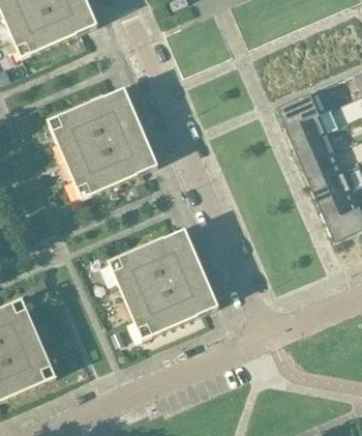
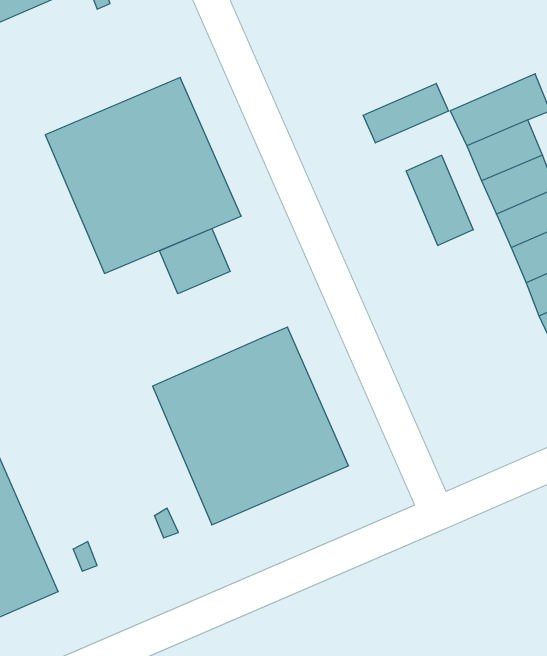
building: none -> [363,83,448,143]
building: none -> [406,155,473,246]
building: none -> [159,229,230,294]

